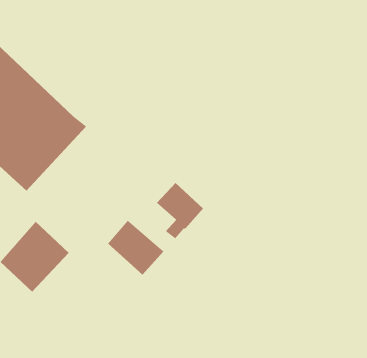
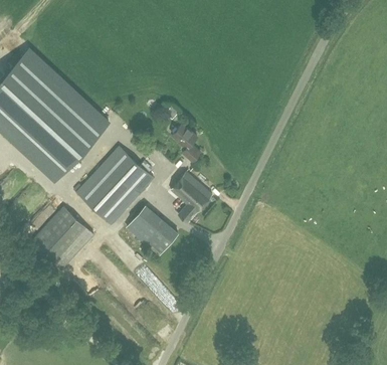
building: none -> [172,123,200,162]
building: none -> [76,147,154,224]

